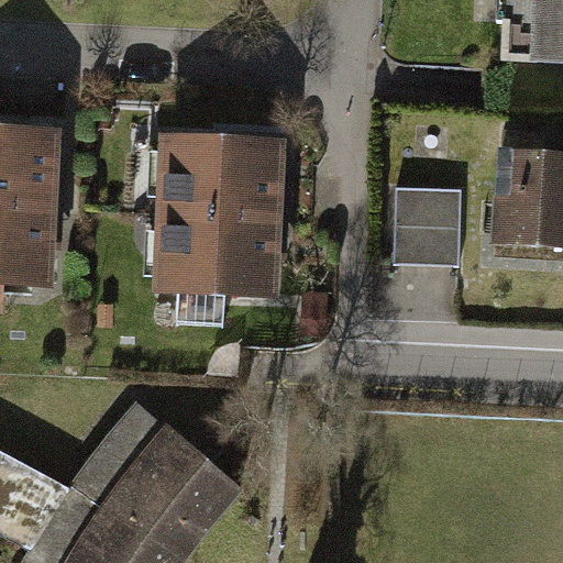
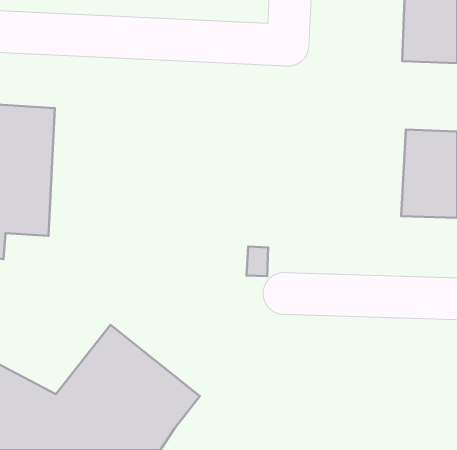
building: [145,145,285,310] -> none
building: [396,180,459,257] -> none

